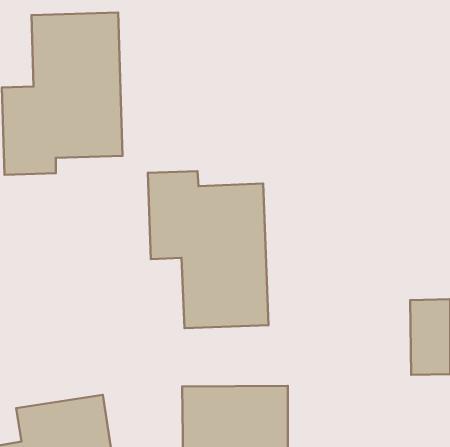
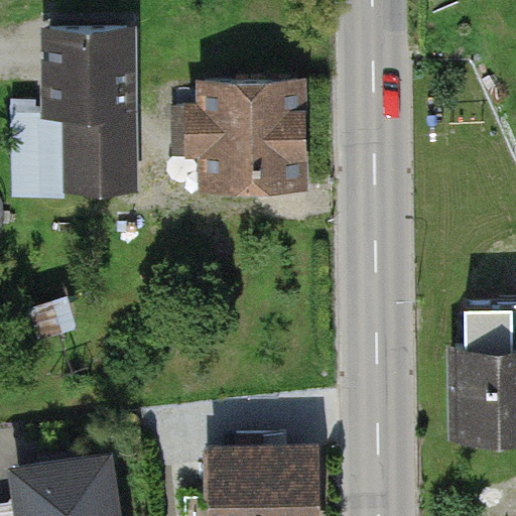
building: none -> [197,78,309,186]
building: [148,171,268,328] -> none

